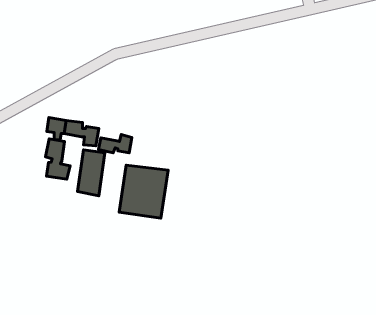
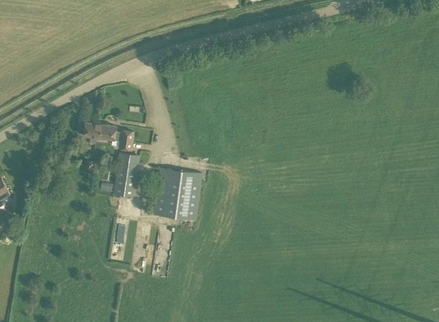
building: [99,135,132,153] -> none
building: [46,139,70,179] -> none

